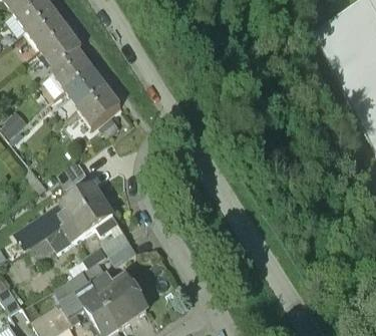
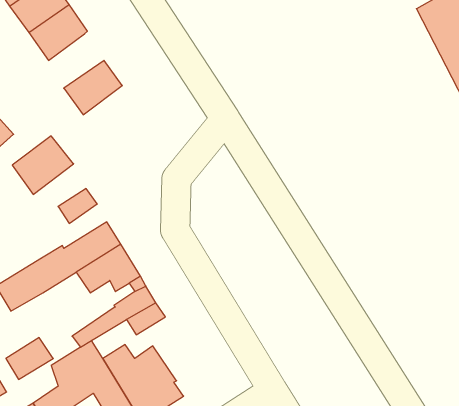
building: [51,47,93,86] -> none
building: [78,84,122,126] -> [12,136,74,194]
building: [49,219,83,249] -> [6,338,53,379]

